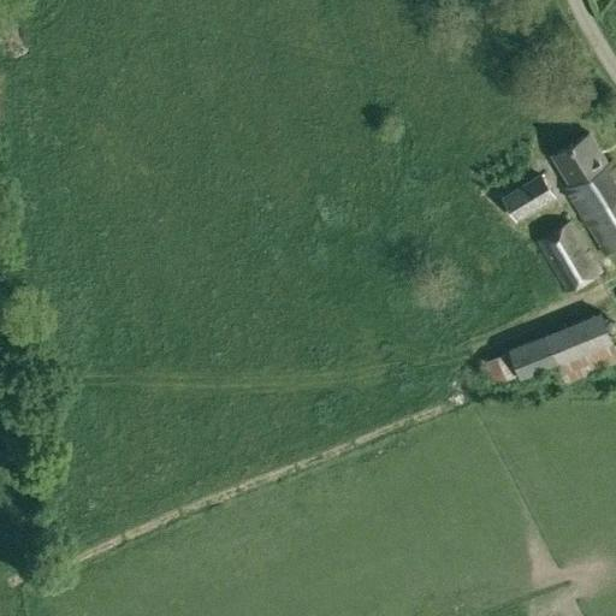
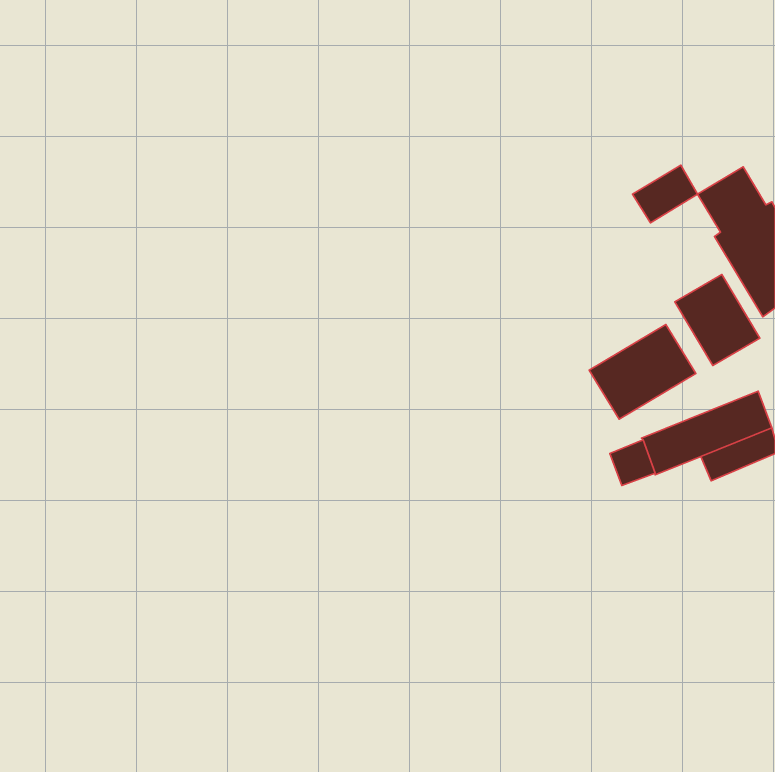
building: [503,174,555,220] -> [632,165,698,223]
building: none -> [589,325,696,419]

